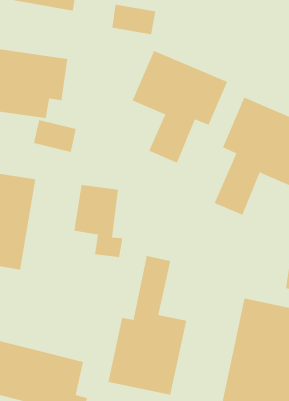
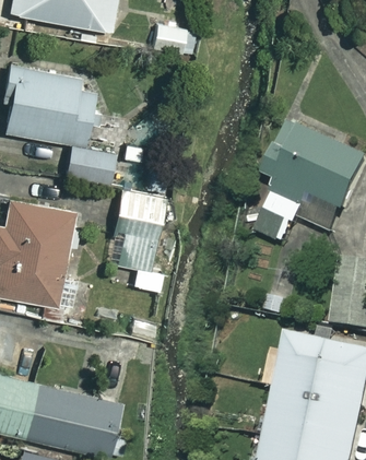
building: [132,50,228,163] -> none
building: [108,255,187,395] -> none

